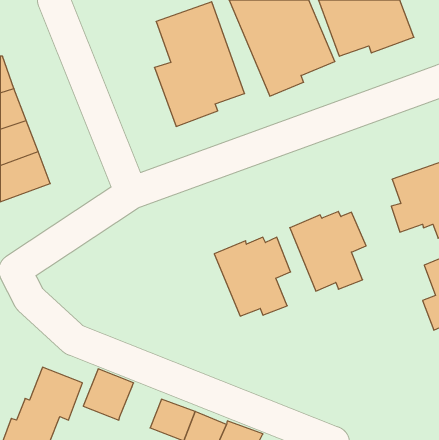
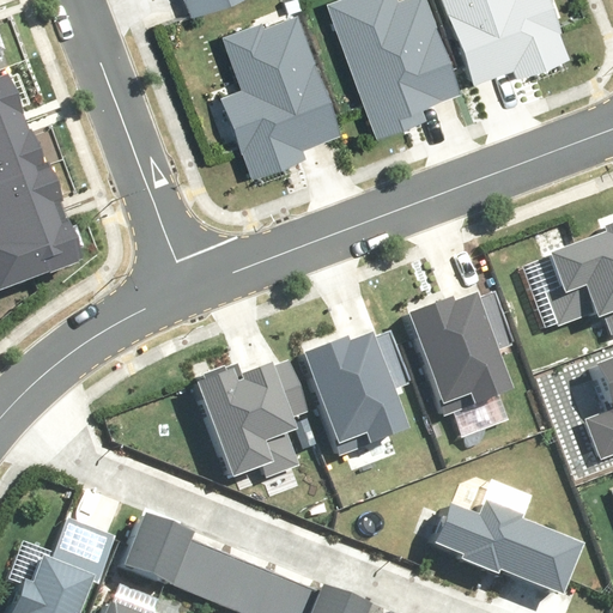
building: none -> [198,362,312,474]
building: none -> [432,500,579,595]
building: none -> [171,539,229,595]

